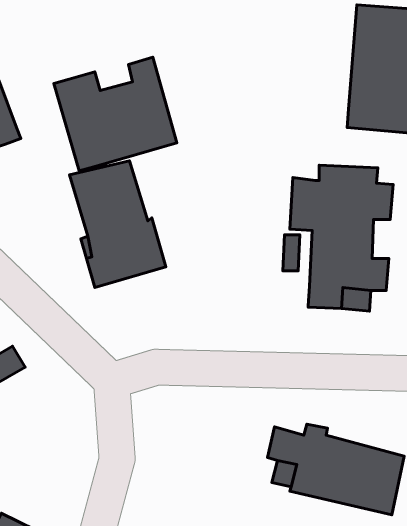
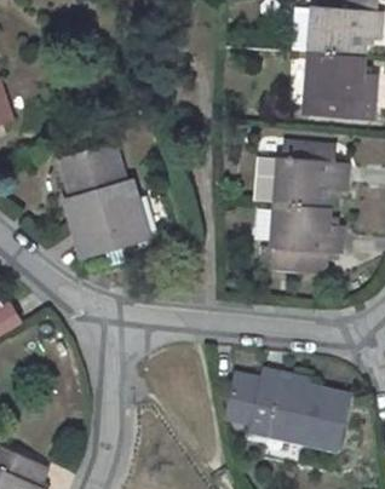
building: [54,57,177,171] -> none

